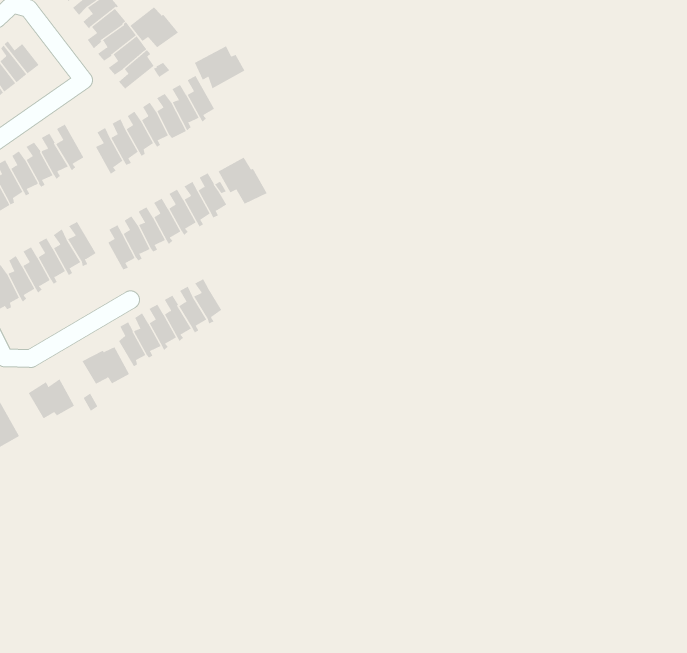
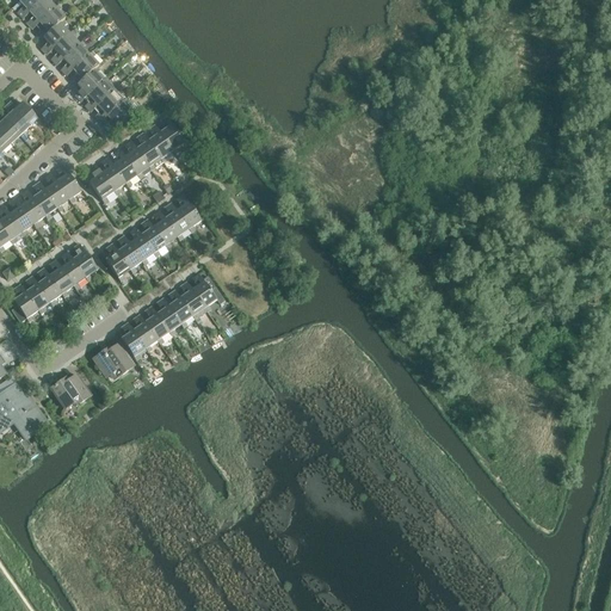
building: [130,6,179,48] -> none
building: [194,45,245,89] -> none
building: [218,157,267,204] -> none
building: none -> [191,273,216,310]

